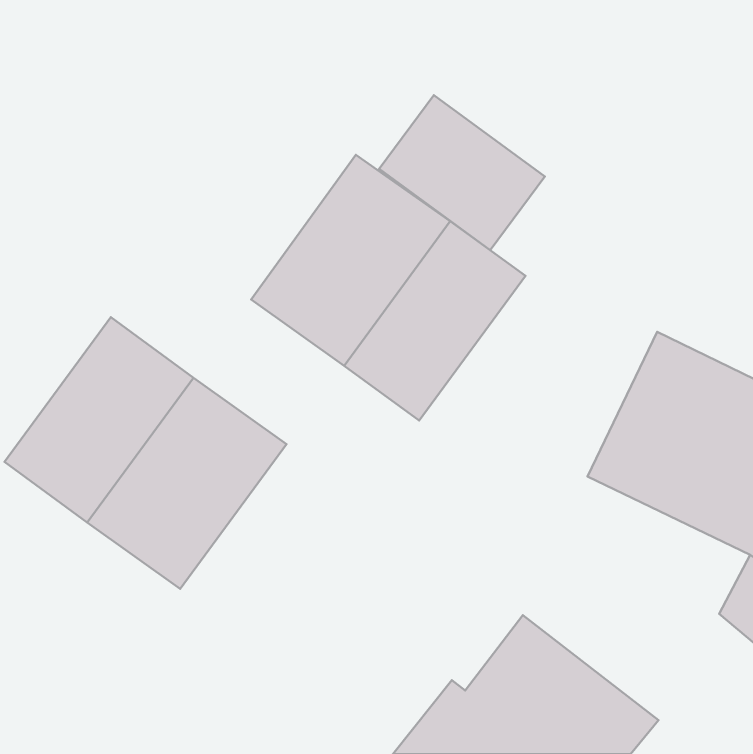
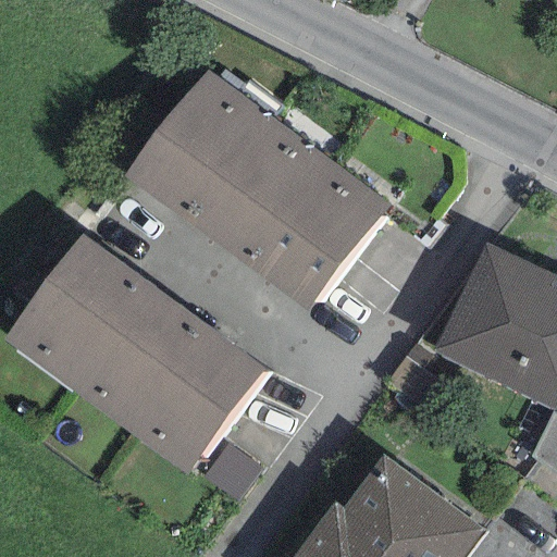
building: none -> [125,70,263,221]
building: [379,95,545,250] -> none
building: none -> [134,327,268,474]

